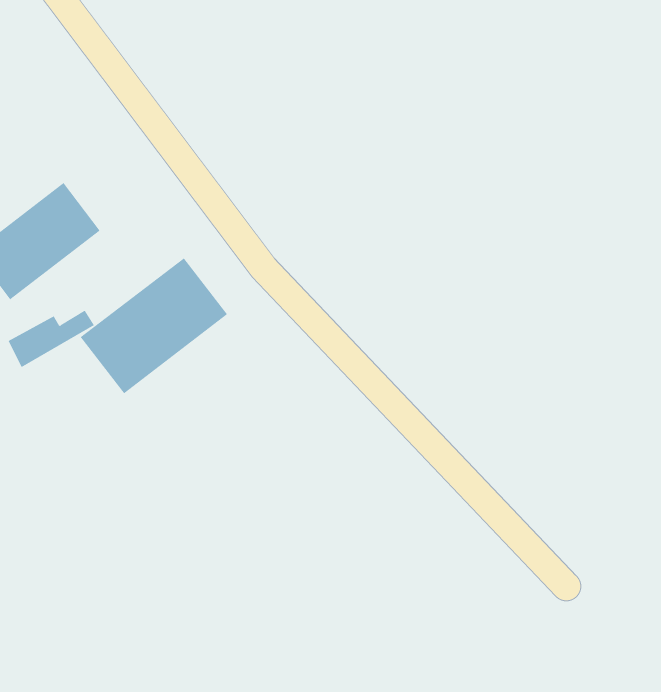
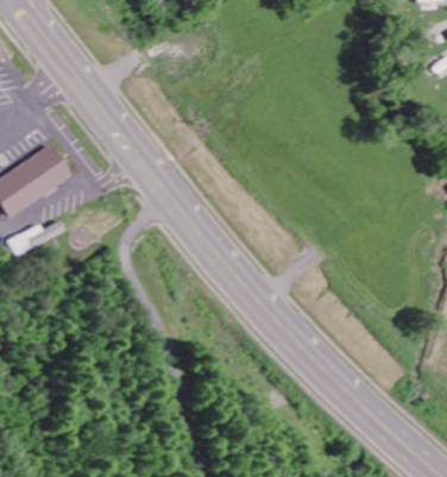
building: [80,257,228,394] -> none

